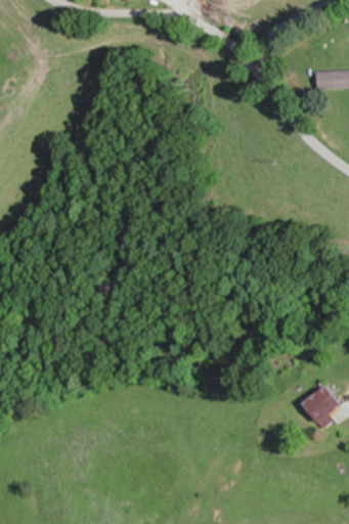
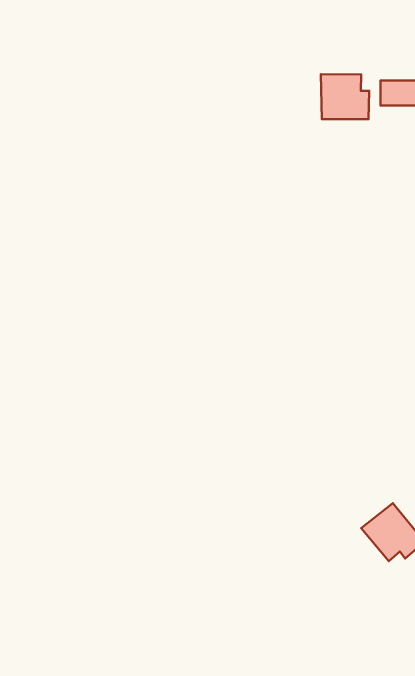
building: none -> [321,74,369,119]

